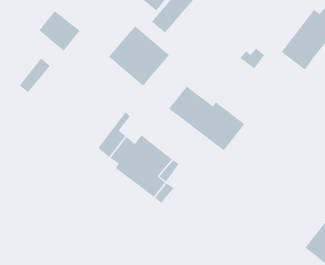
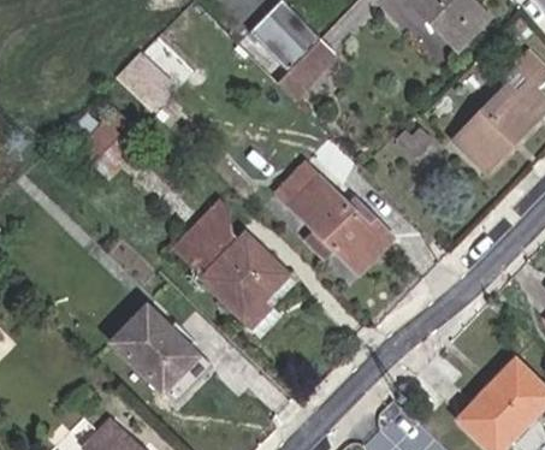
building: [108,25,170,86] -> none
building: none -> [112,307,206,398]

